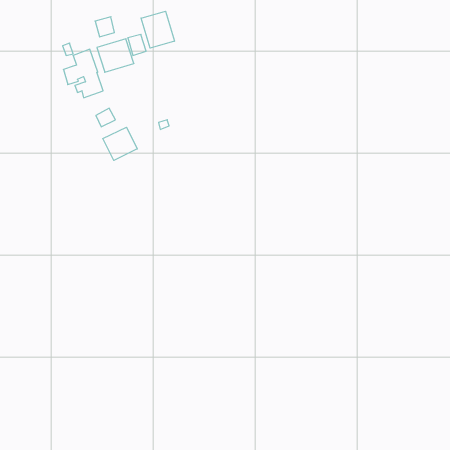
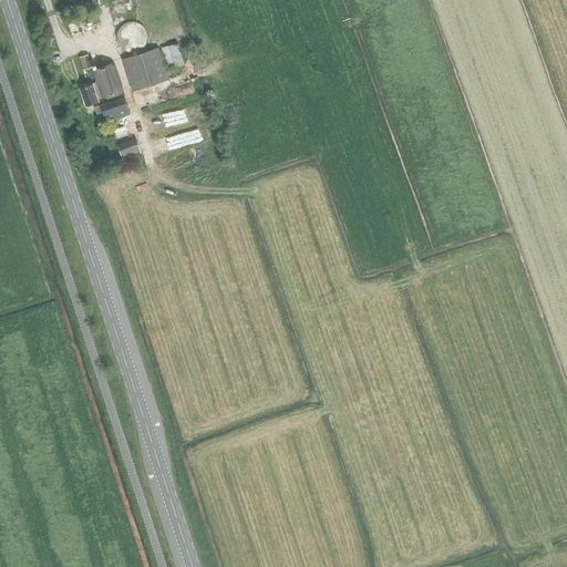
building: [141,11,174,48] -> none
building: [103,127,137,160] -> none

